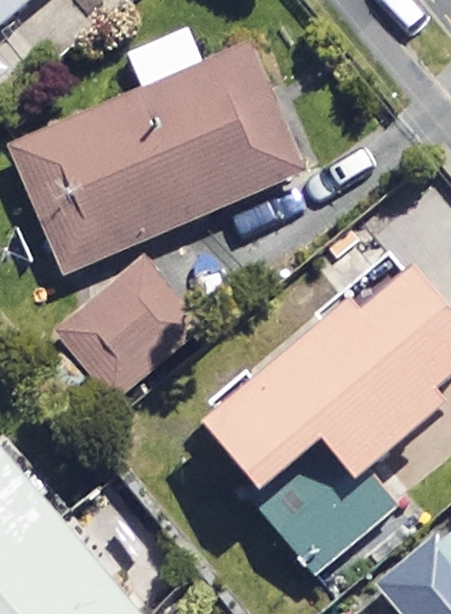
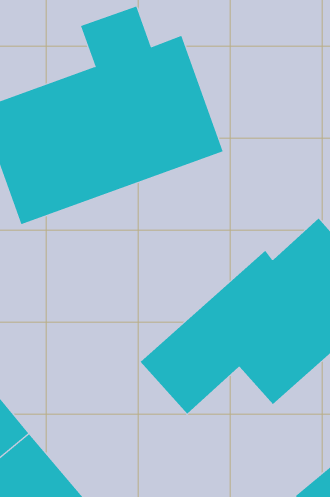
building: [61,267,198,399] -> none
building: [253,455,393,576] -> none

